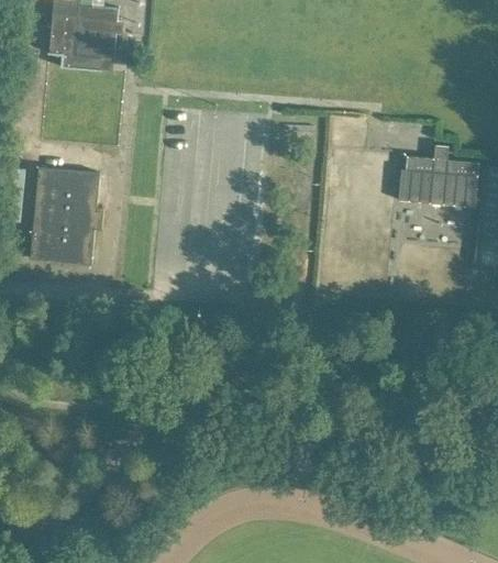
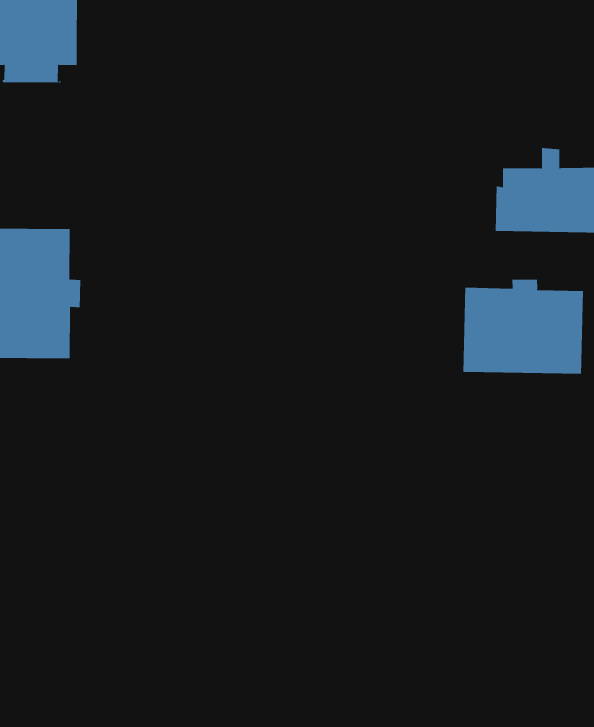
building: none -> [463,279,583,375]

